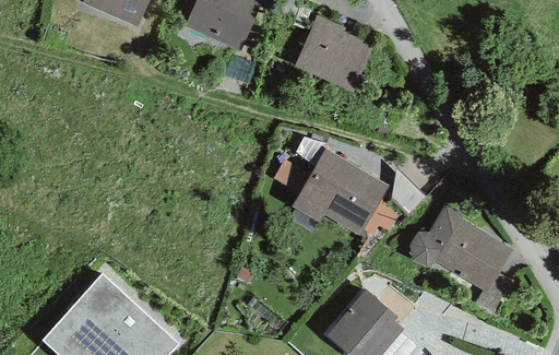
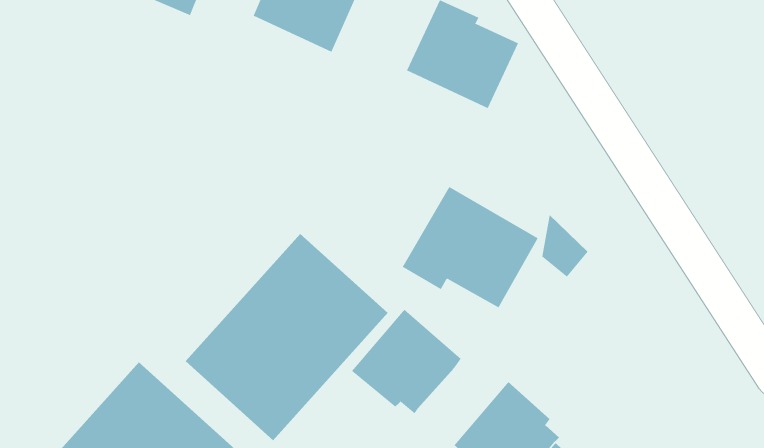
building: none -> [185,233,389,441]
building: [408,204,512,293] -> none
building: none -> [351,309,462,414]

